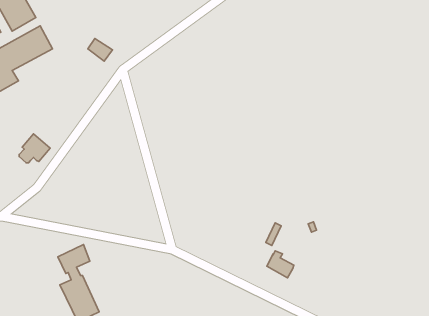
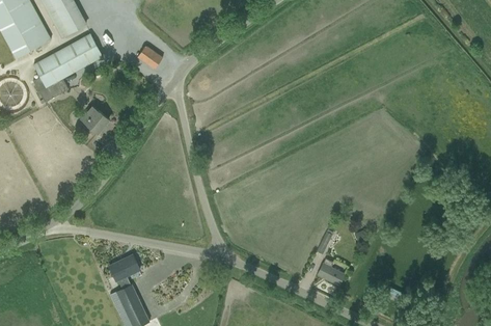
building: [19,134,50,163] -> [78,105,109,134]

